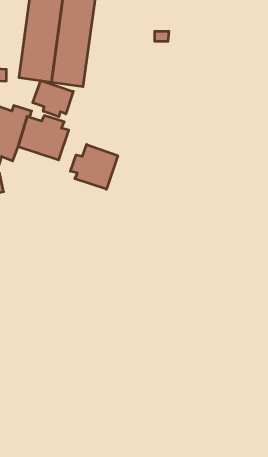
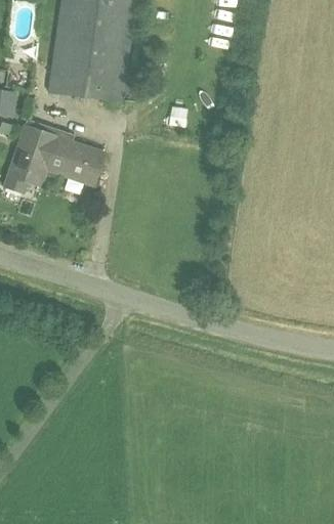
building: [33,81,73,117] -> none
building: [70,144,118,189] -> none

